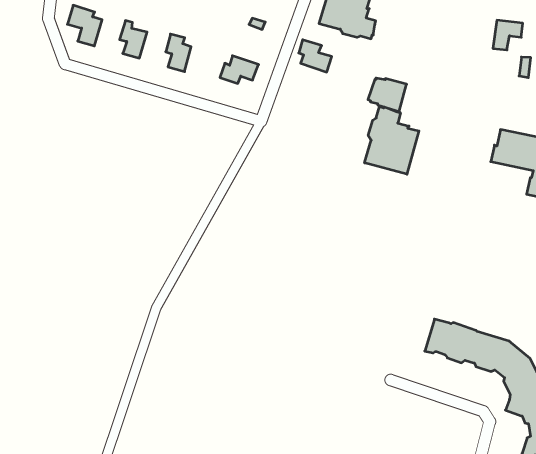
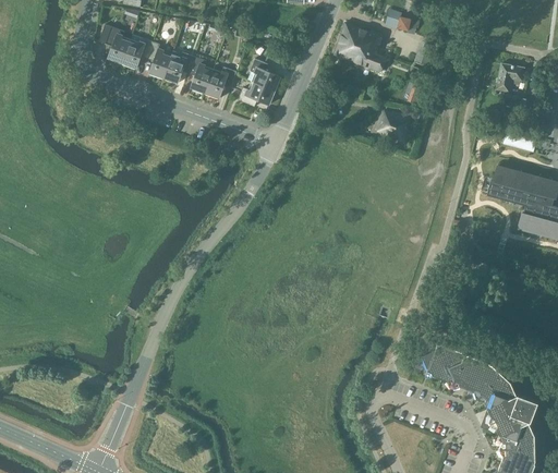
building: none -> [122,39,153,68]
building: none -> [163,52,194,83]
building: [299,40,332,72] -> [250,59,280,90]
building: none -> [205,66,236,98]
building: [365,107,419,174] -> none

